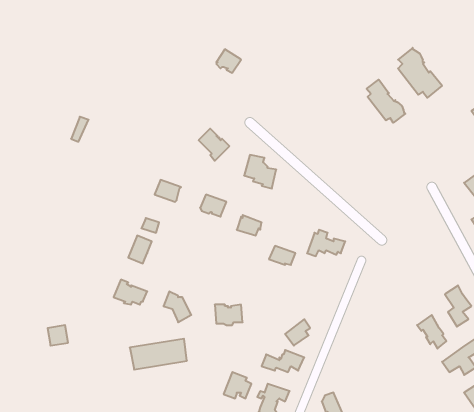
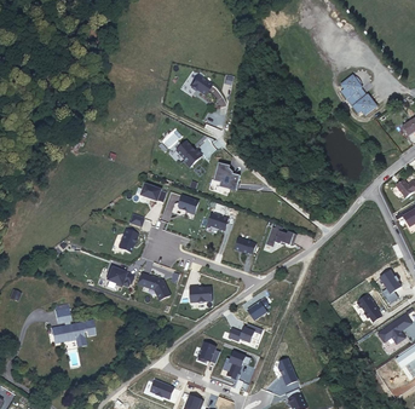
building: [367,80,405,123] -> none
building: [130,339,187,370] -> [46,317,93,342]

